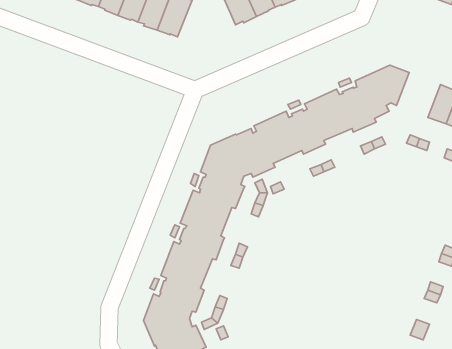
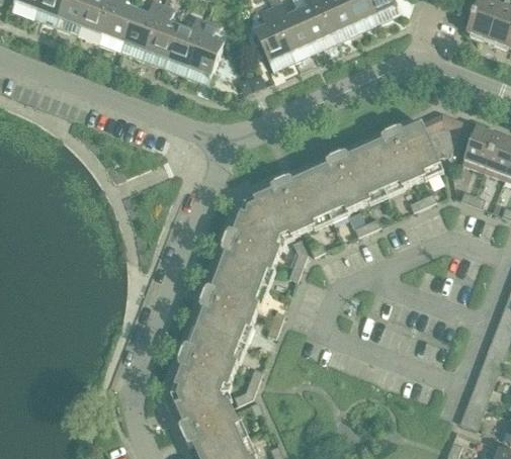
building: none -> [461,124,497,169]

